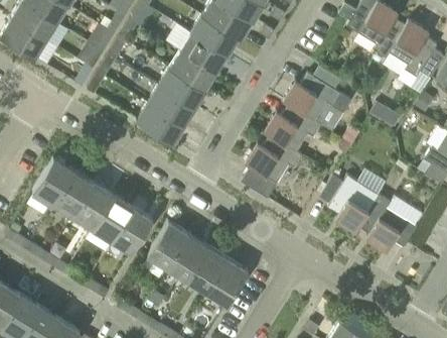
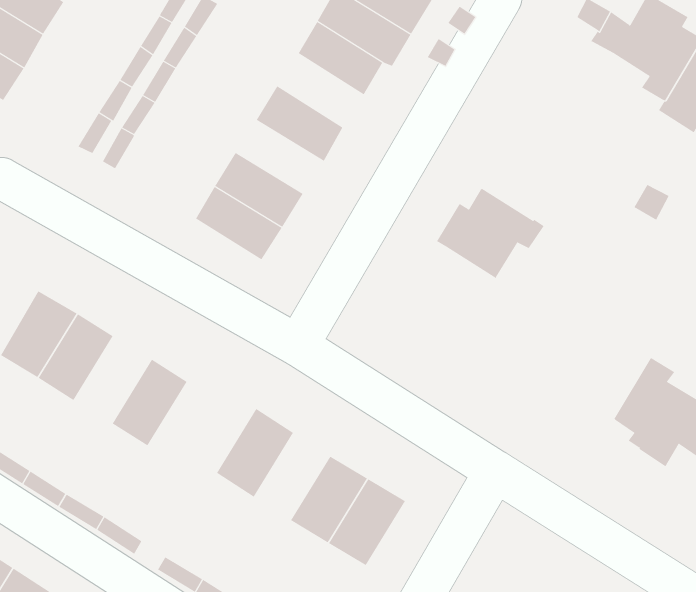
building: [180,33,227,73] -> none
building: [283,67,351,122] -> none
building: [158,69,205,108] -> none
building: [241,136,303,200] -> none
building: [320,176,379,233] -> none
building: [72,184,114,230] -> none
building: [112,208,153,255] -> none
building: [168,235,208,281] -> none

